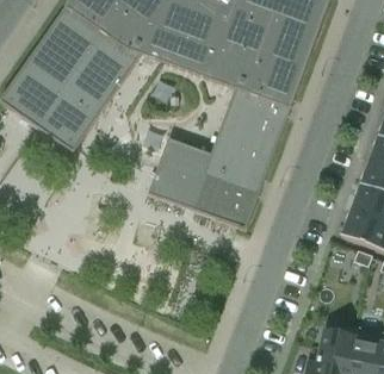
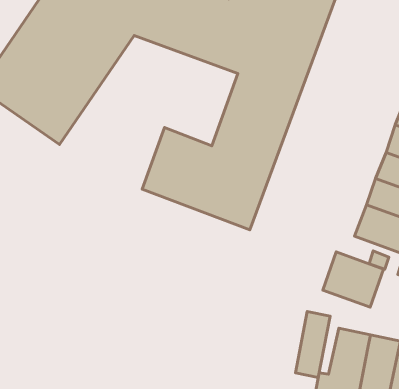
building: none -> [323,252,384,307]
building: none -> [296,311,330,378]

